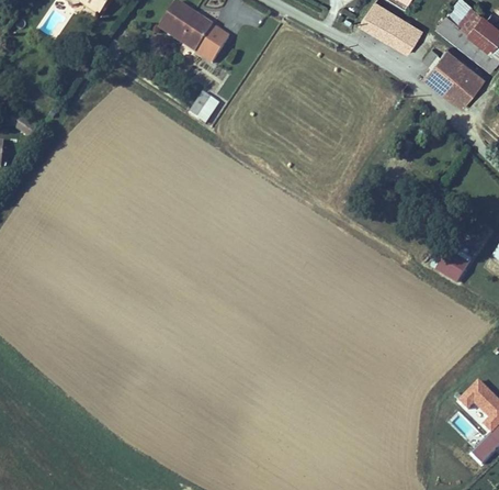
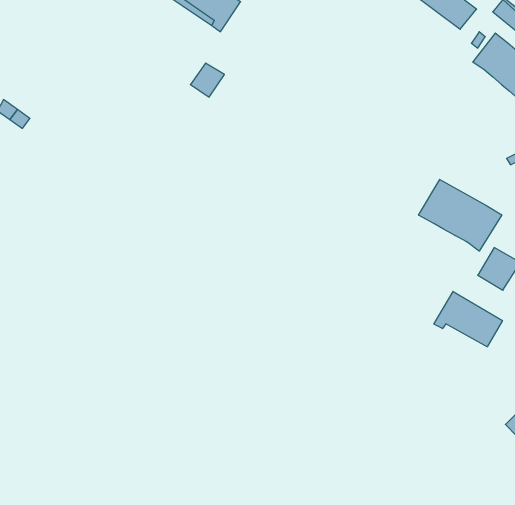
building: none -> [419,179,502,251]
building: none -> [434,291,502,347]

